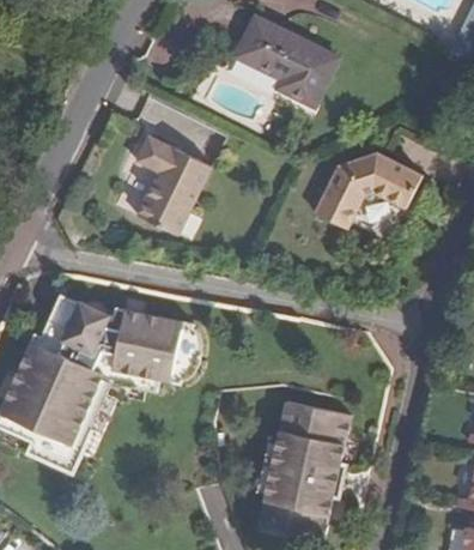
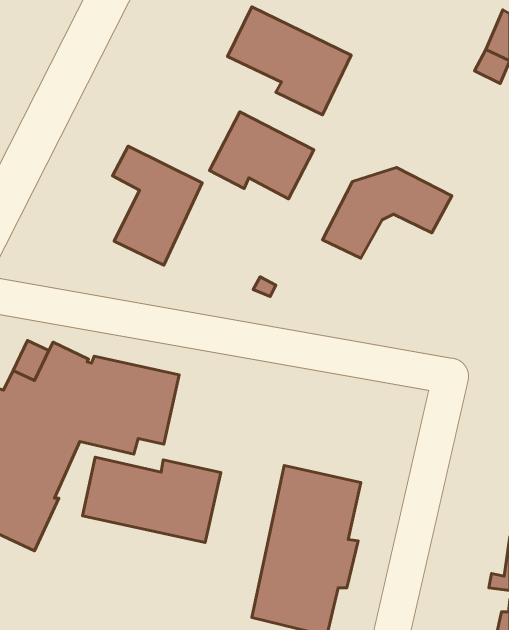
building: none -> [209,112,314,199]
building: none -> [82,457,221,542]

